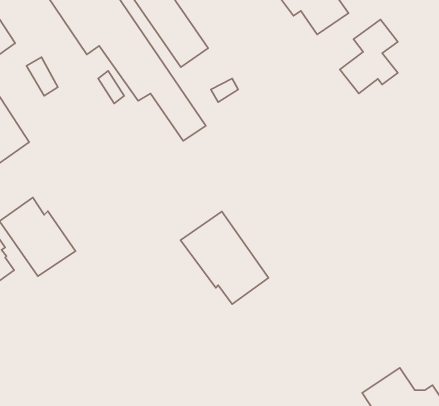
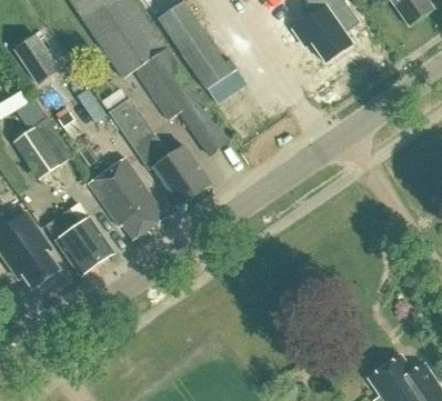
building: [340,19,398,94] -> none
building: none -> [205,59,245,101]
building: none -> [108,97,209,204]
building: [181,211,268,304] -> [87,157,164,239]

